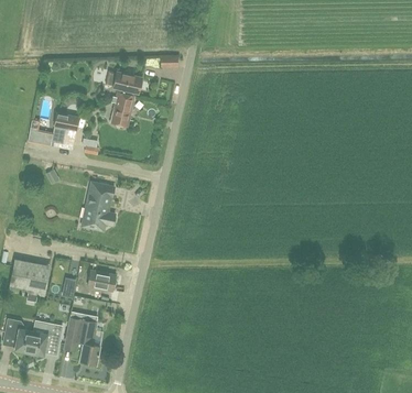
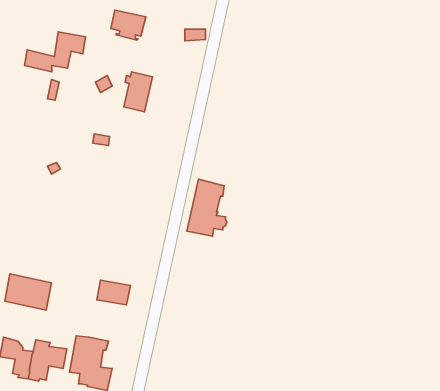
building: [112,70,142,96] -> [111,10,146,40]
building: [28,111,79,145] -> [25,32,85,72]
building: [82,181,116,229] -> [187,179,227,236]

